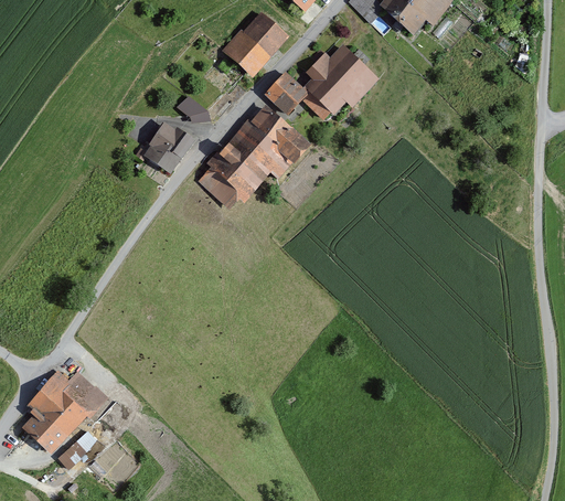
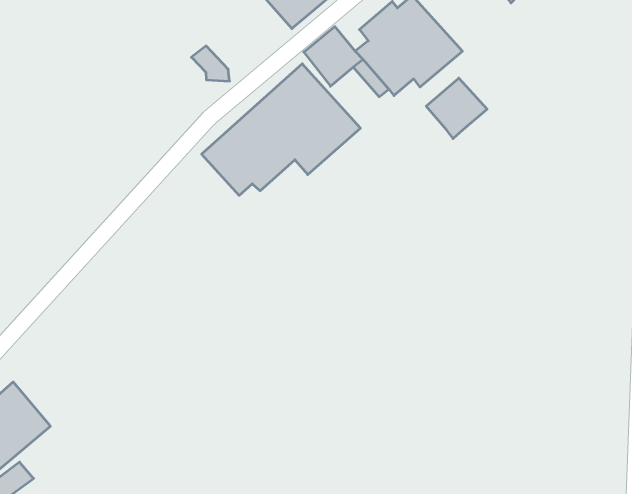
building: none -> [426,78,487,139]
building: [142,124,191,174] -> none

